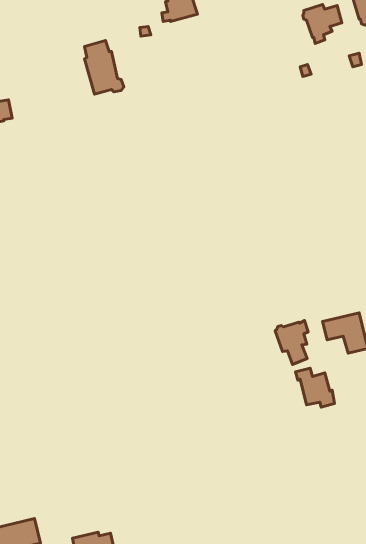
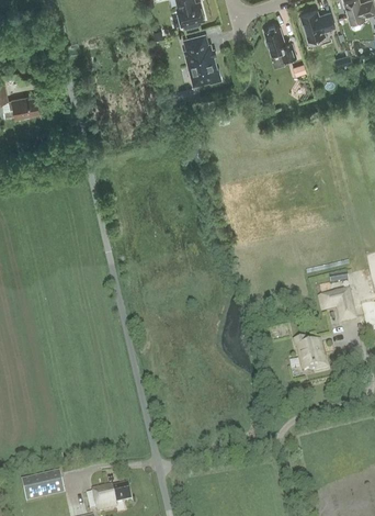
building: none -> [264,26,296,67]
building: [85,40,124,94] -> [185,35,220,83]
building: [275,321,308,364] -> none

